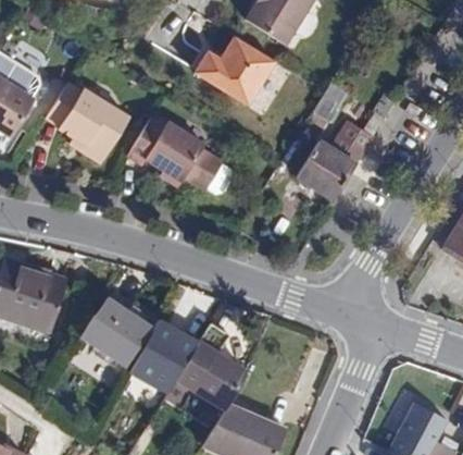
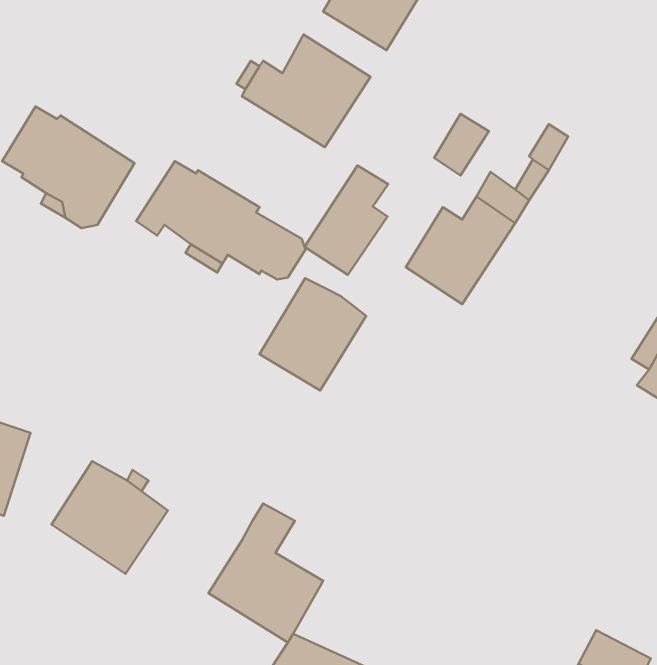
building: none -> [304,165,388,275]
building: none -> [260,278,366,390]
building: [124,330,202,381] -> none

